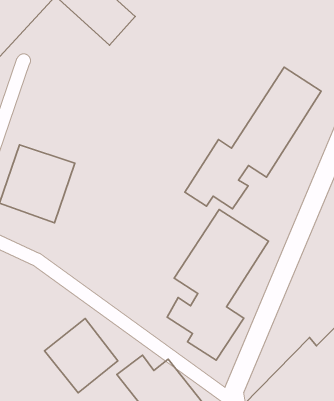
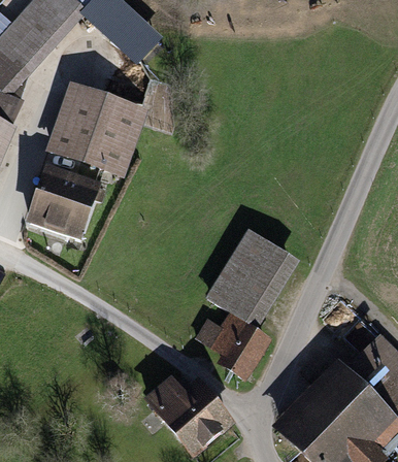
building: none -> [46,80,148,176]
building: [185,67,321,209] -> none
building: [44,319,118,393] -> none

